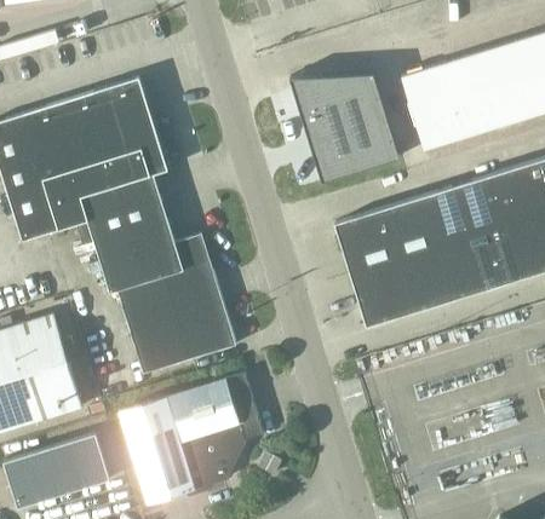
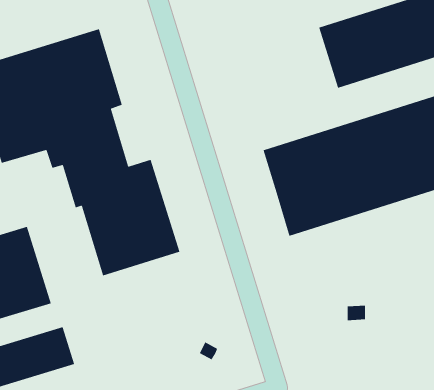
building: [289,73,400,183] -> none
building: [120,374,264,504] -> none

